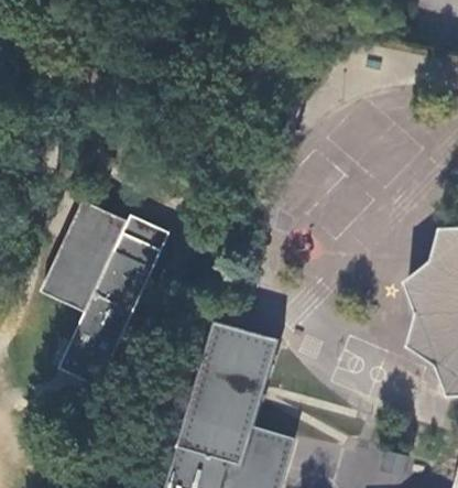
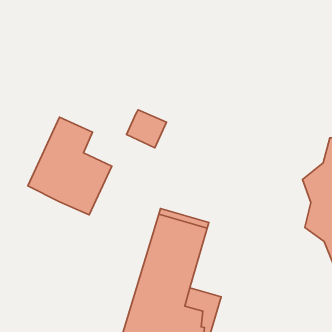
building: [113,215,166,265] -> [127,110,166,148]
building: [57,313,121,386] -> none

